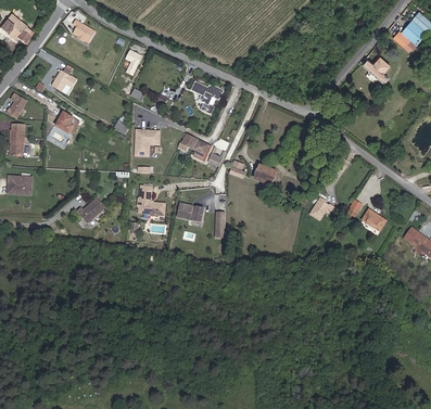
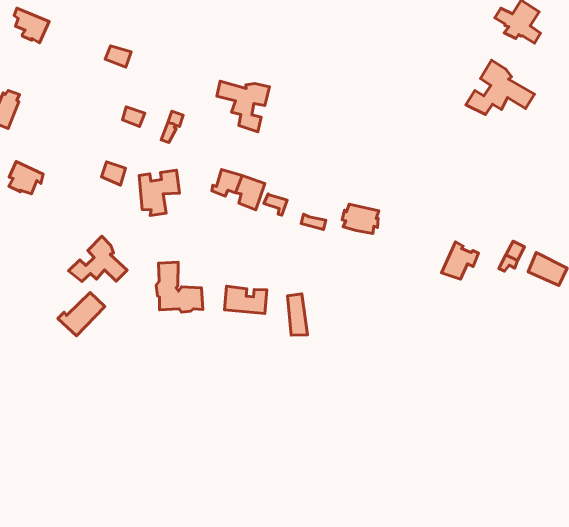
building: none -> [466,60,535,114]
building: none -> [69,236,127,282]

